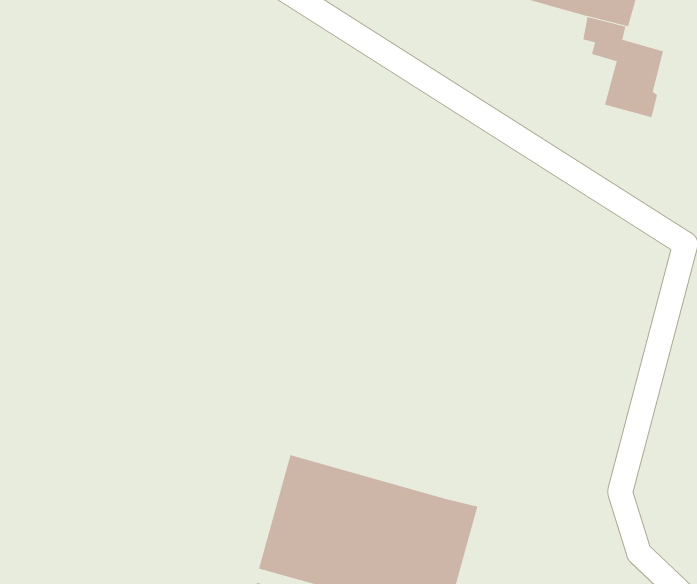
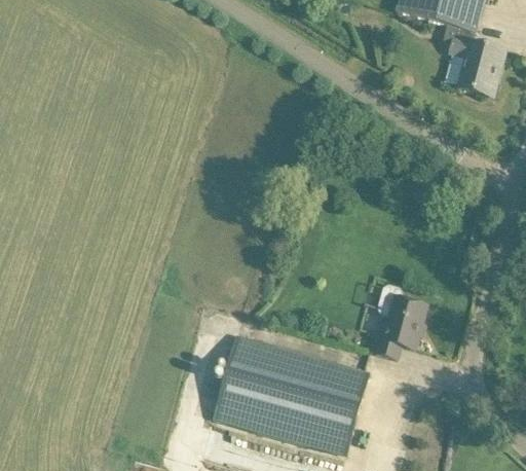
building: none -> [374,283,425,359]

